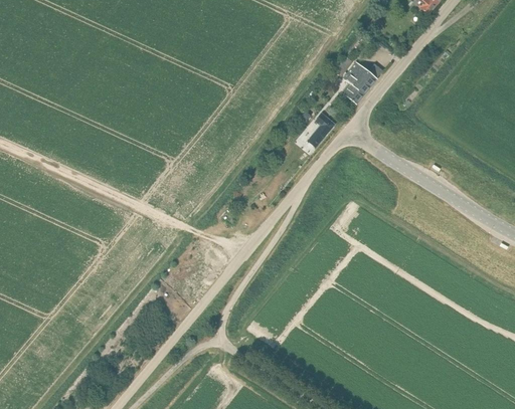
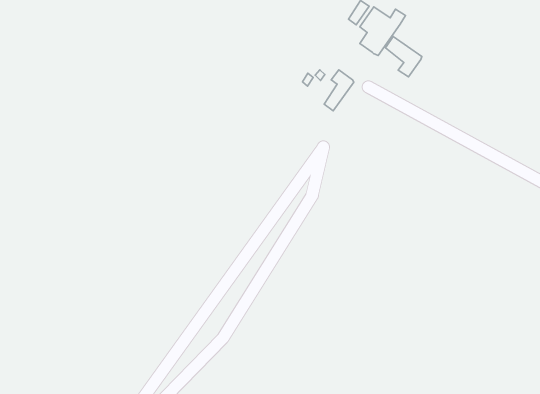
building: none -> [386,37,422,77]

